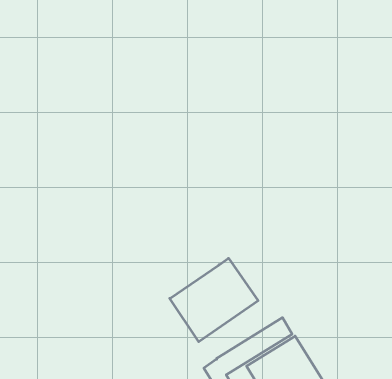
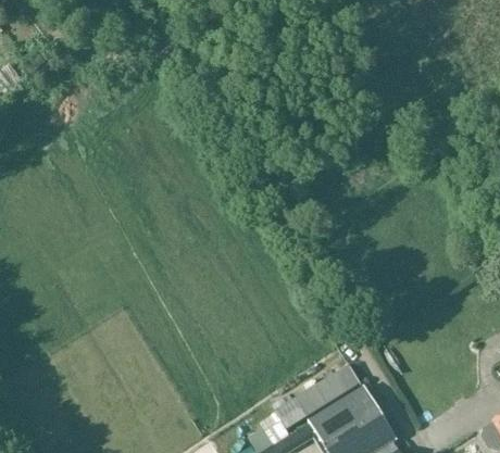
building: [170,258,258,342] -> none

